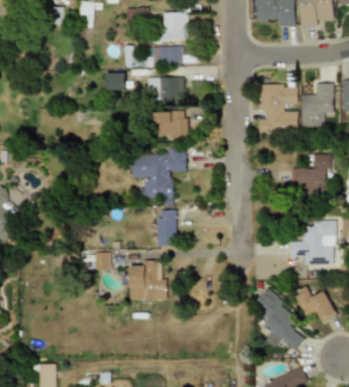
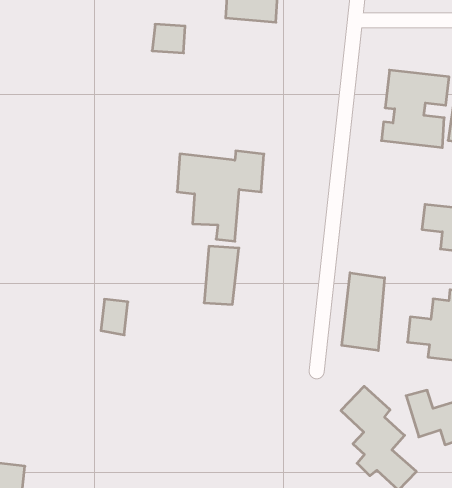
building: [147,77,184,102] -> none
building: [154,111,187,138] -> none
building: none -> [342,273,385,351]
building: [128,265,166,300] -> none

